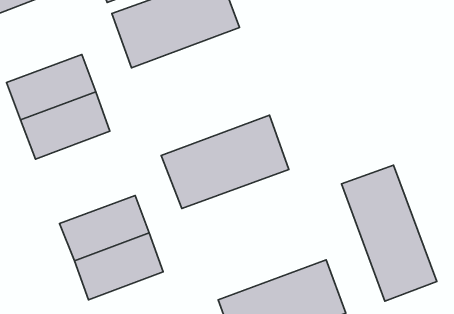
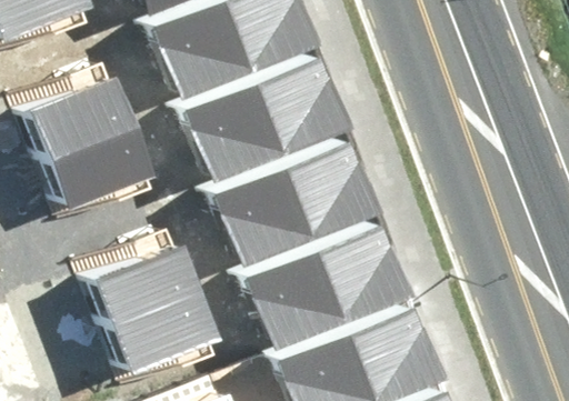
building: none -> [186,66,339,177]
building: [341,165,437,301] -> none
building: none -> [248,234,400,345]

